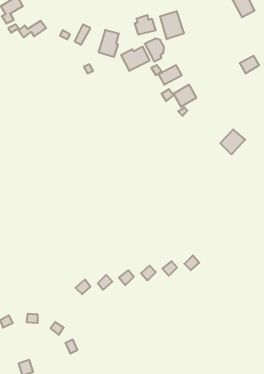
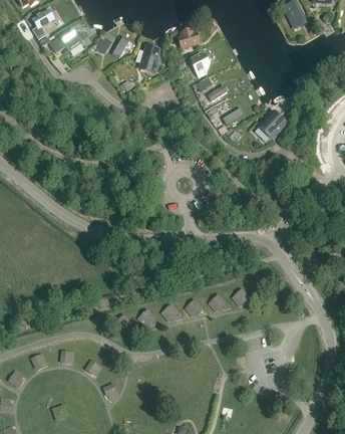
building: [160,11,184,39] -> none
building: [121,47,149,71] -> none
building: [220,129,245,154] -> [259,111,286,138]

